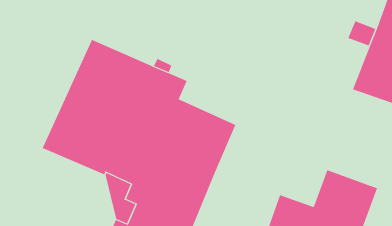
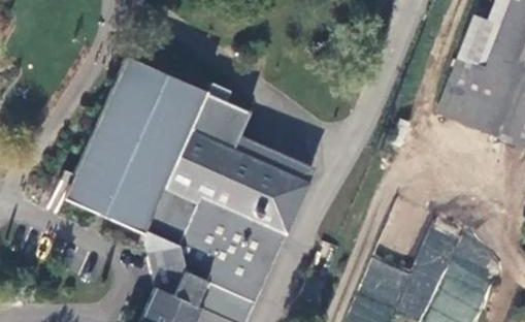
building: none -> [435,57,484,123]

